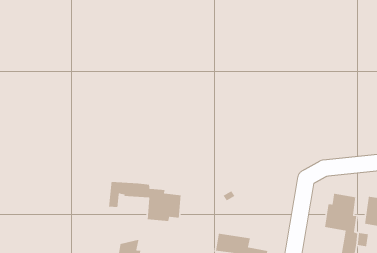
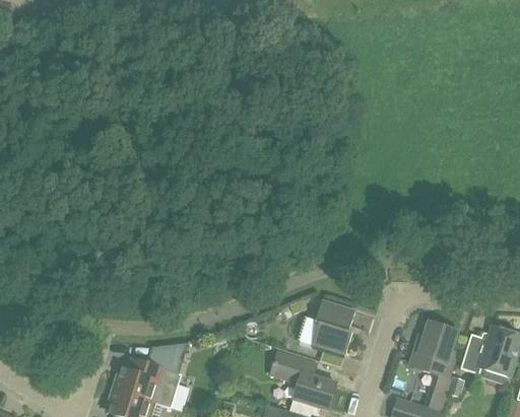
building: [108,181,181,222] -> none
building: none -> [305,300,354,355]

